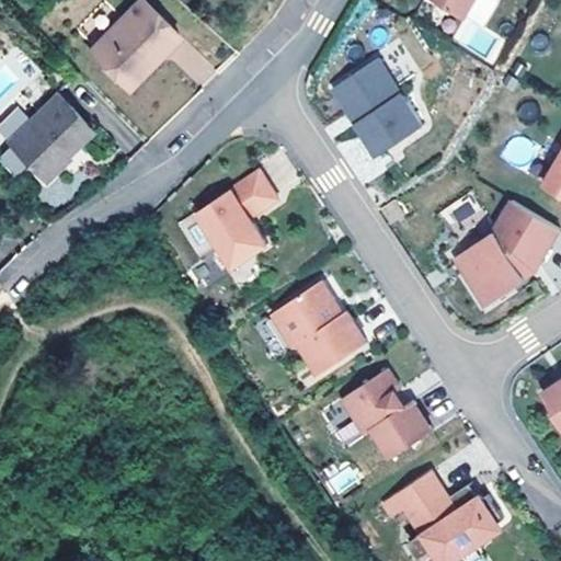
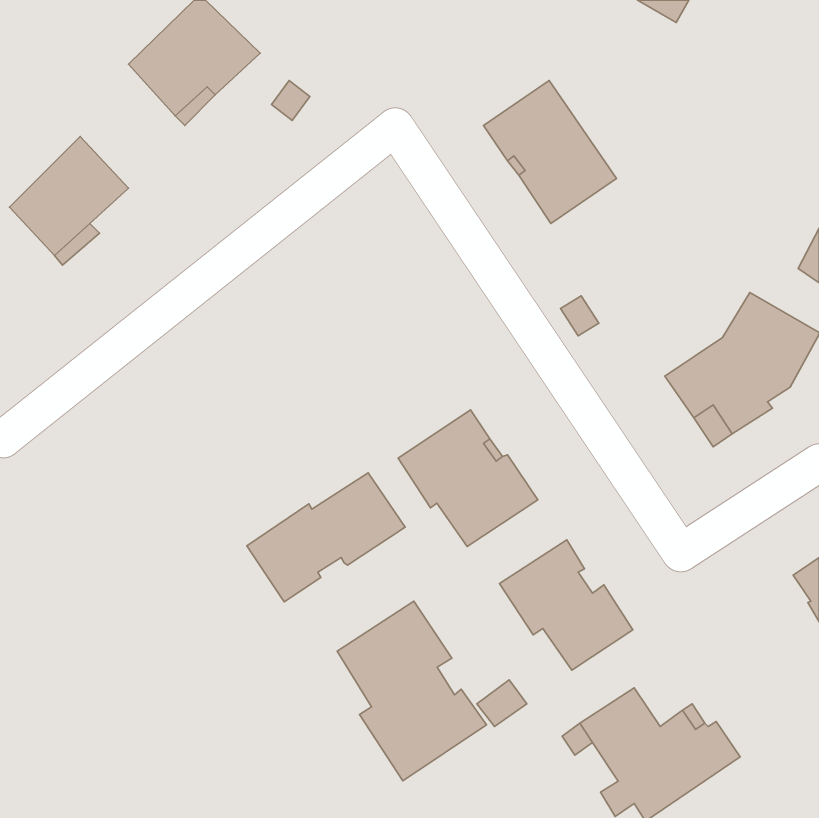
building: [179,174,278,272] -> none
building: none -> [247,473,405,602]
building: none -> [337,601,486,781]

